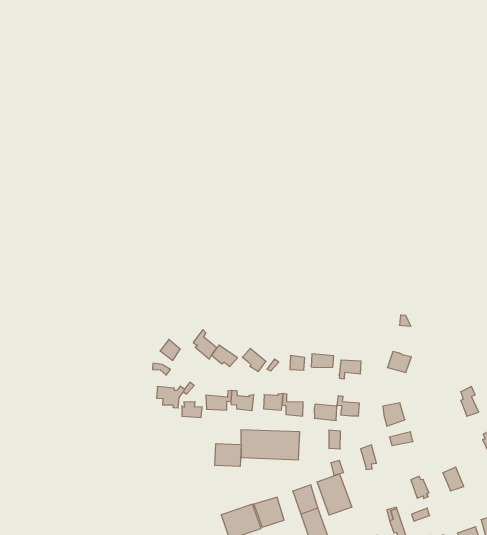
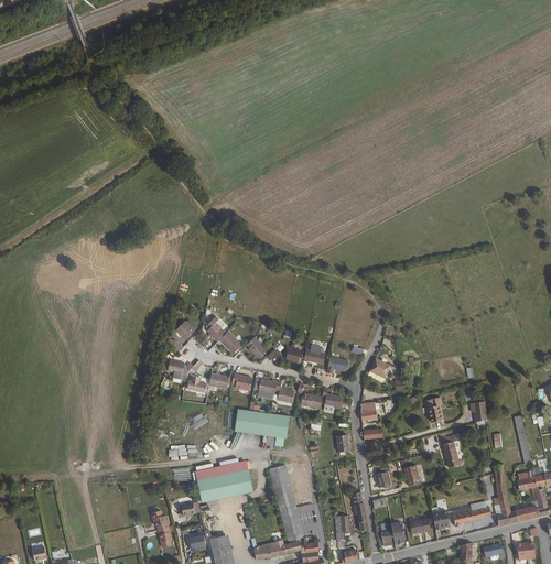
building: [215,444,241,466] -> none
building: [317,474,352,515] -> none

